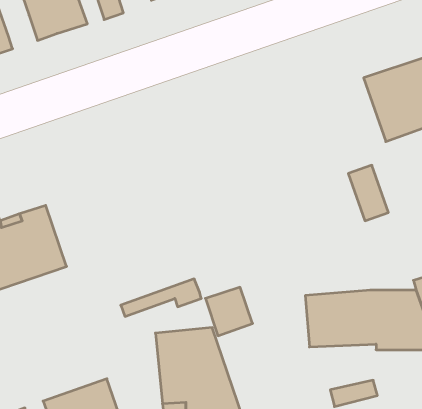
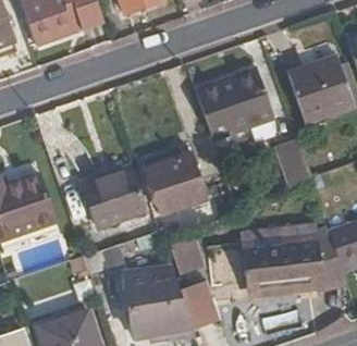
building: none -> [194,66,276,143]
building: none -> [145,152,207,214]
building: none -> [82,166,144,226]
building: none -> [182,280,220,326]

